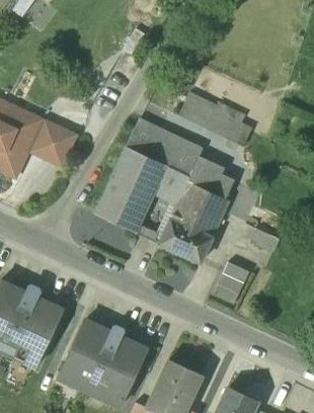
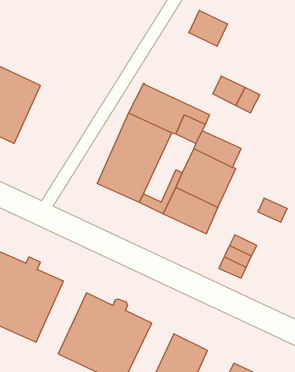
building: [179,93,217,128] -> [189,10,228,46]
building: [31,121,75,164] -> none
building: [154,165,190,203] -> none

